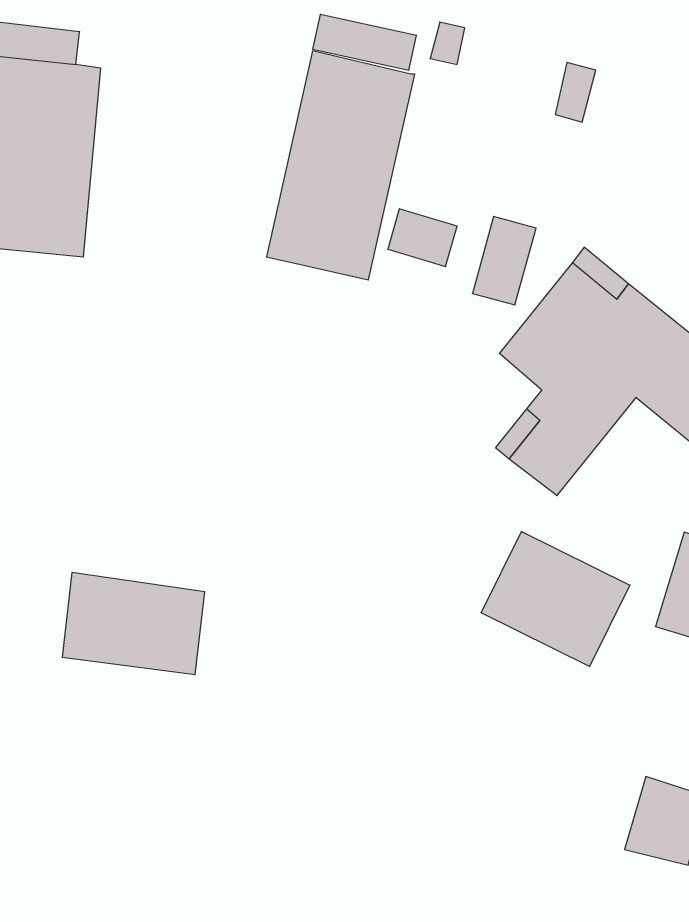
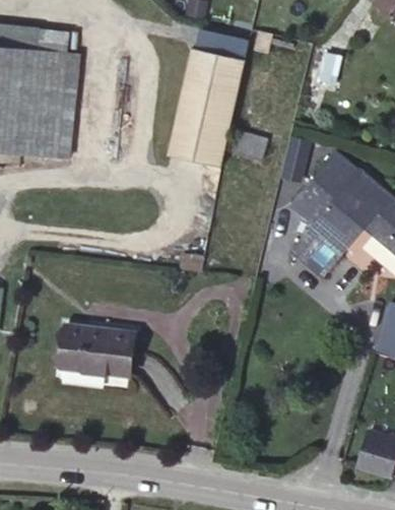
building: [481,531,630,667] -> none

